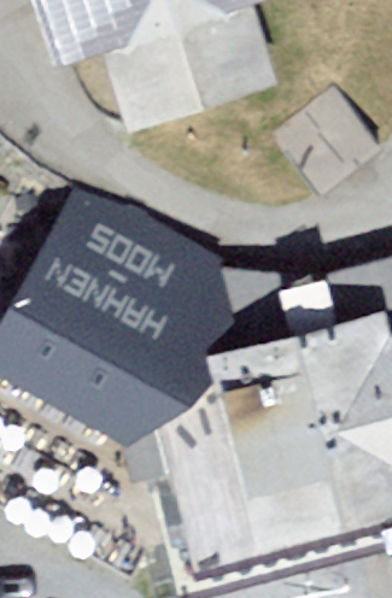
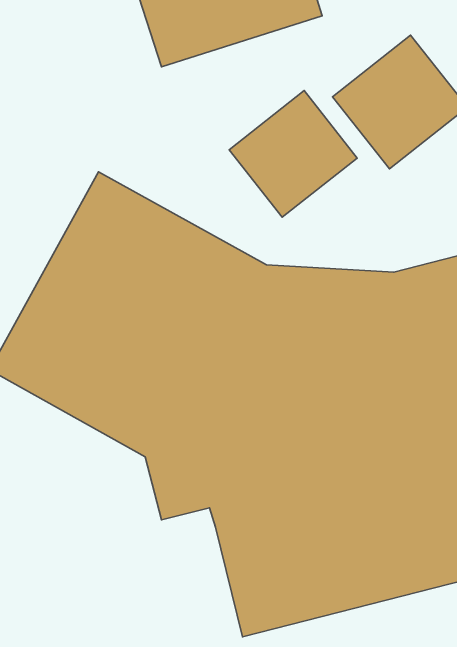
building: none -> [229,91,357,217]

